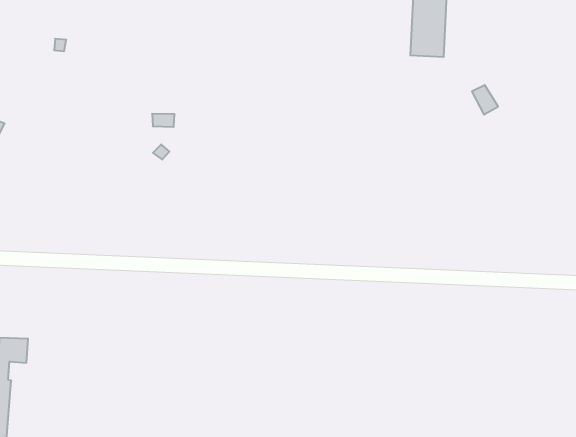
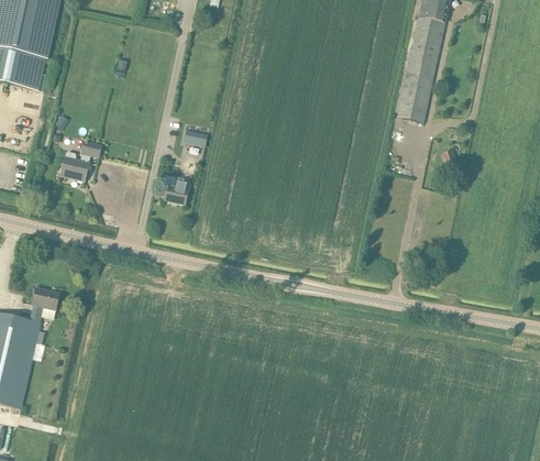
building: none -> [60,141,101,180]
building: none -> [164,174,190,204]

